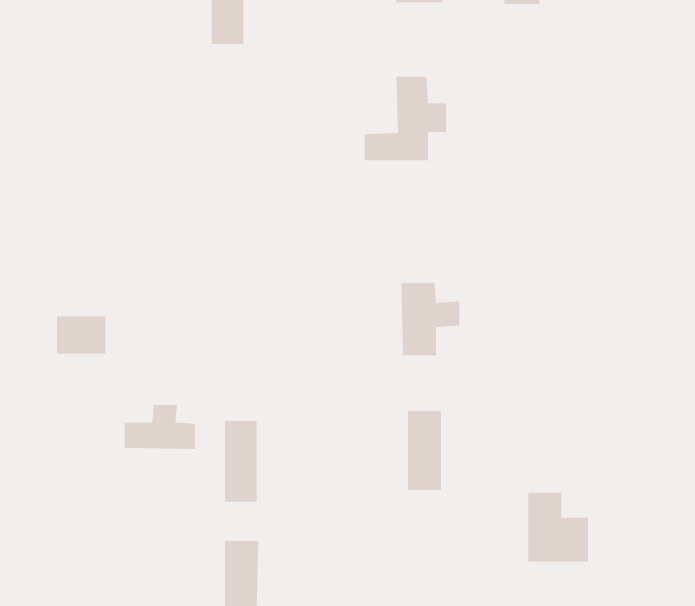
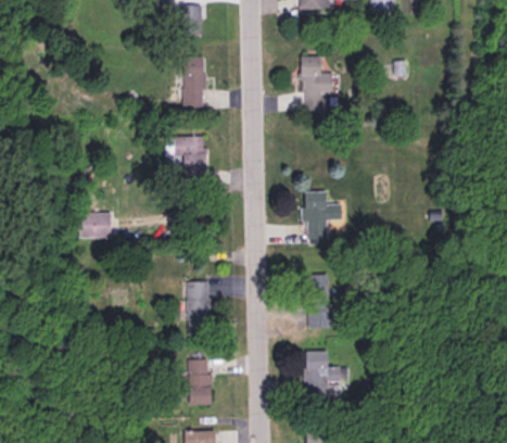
building: none -> [182,56,203,106]
building: none -> [165,137,205,180]
building: [124,404,195,450] -> none
building: [527,492,589,562] -> [305,351,345,396]

